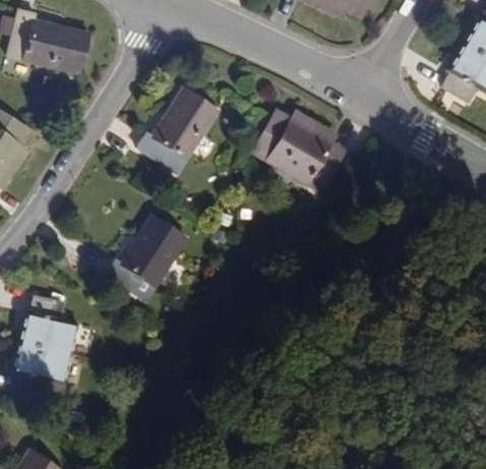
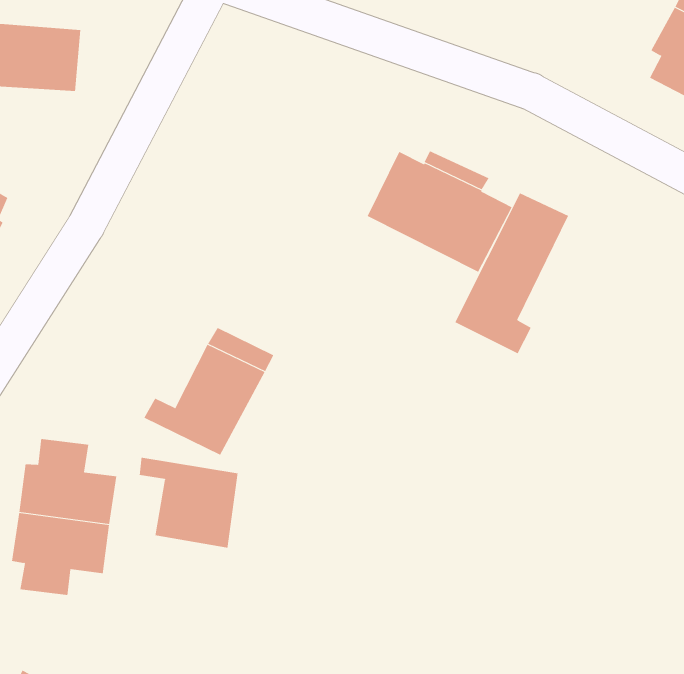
building: [136,93,220,177] -> none
building: none -> [454,193,569,354]
building: none -> [139,457,238,548]

